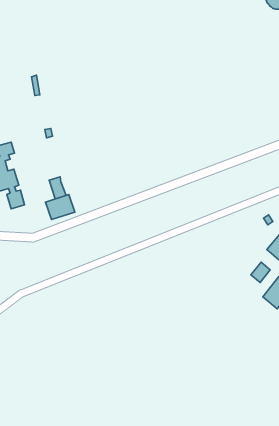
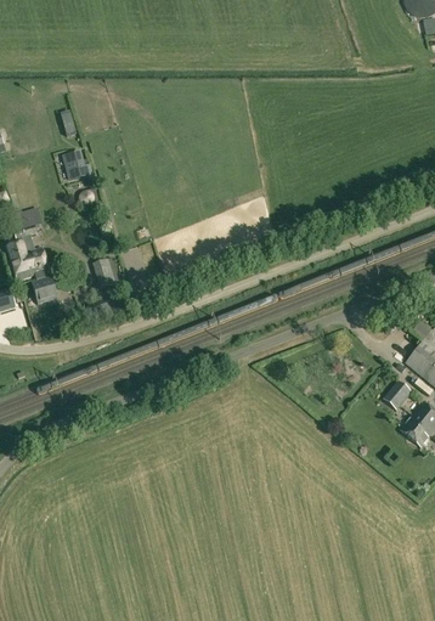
building: none -> [62,149,92,180]
building: [45,195,75,220] -> none

